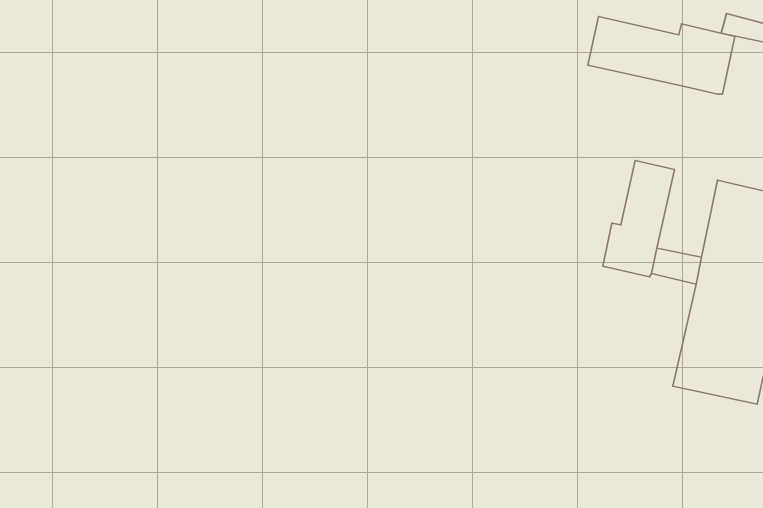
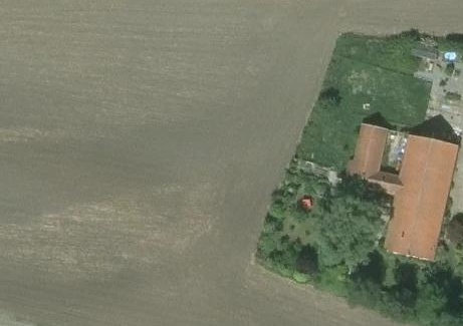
building: [588,17,735,94] -> none

